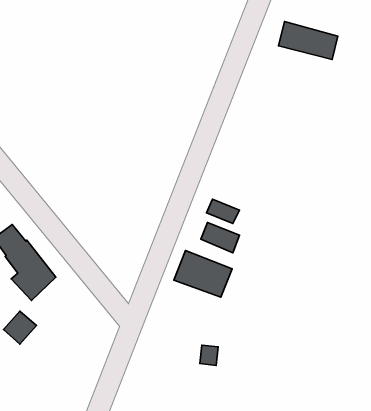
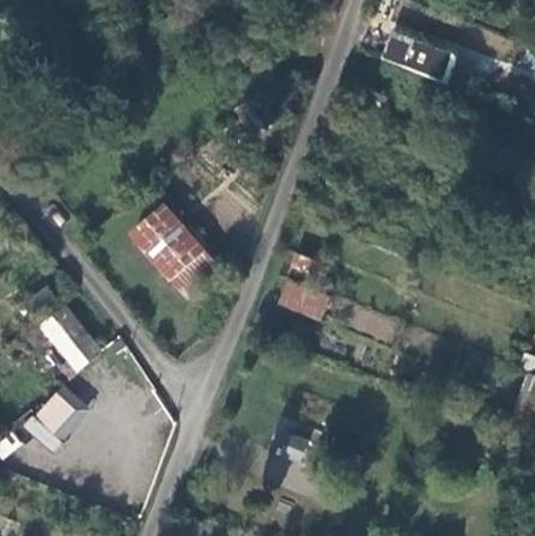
building: none -> [117,194,222,299]
building: [174,251,232,297] -> none

